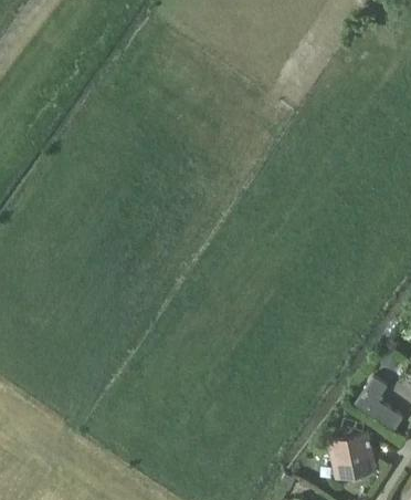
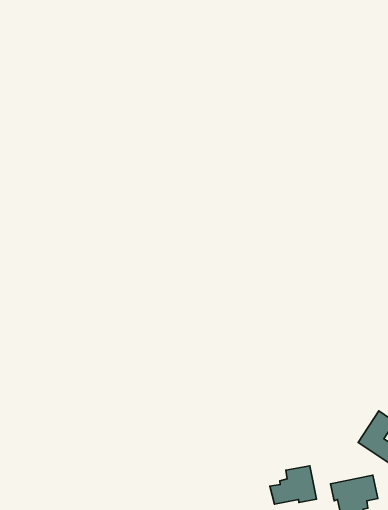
building: none -> [270,466,316,504]

